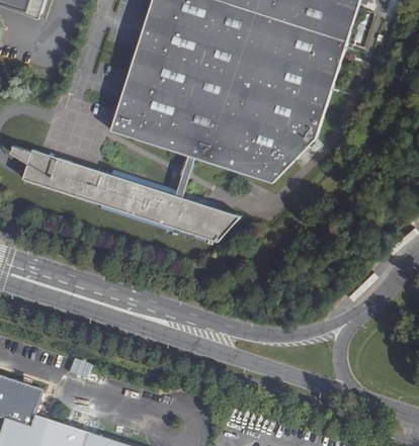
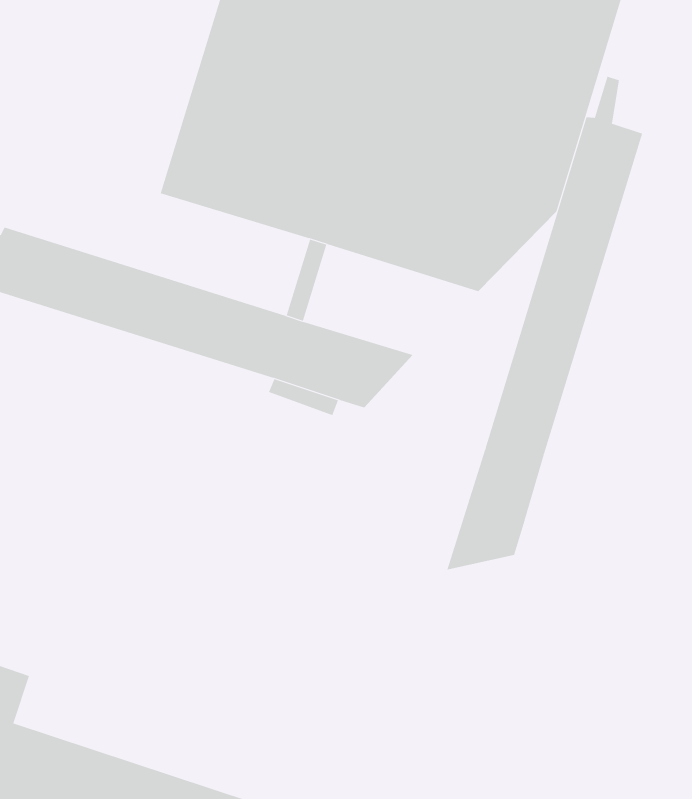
building: none -> [447,76,643,571]

